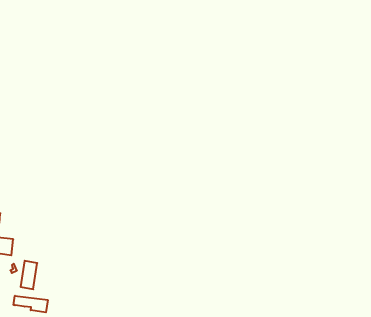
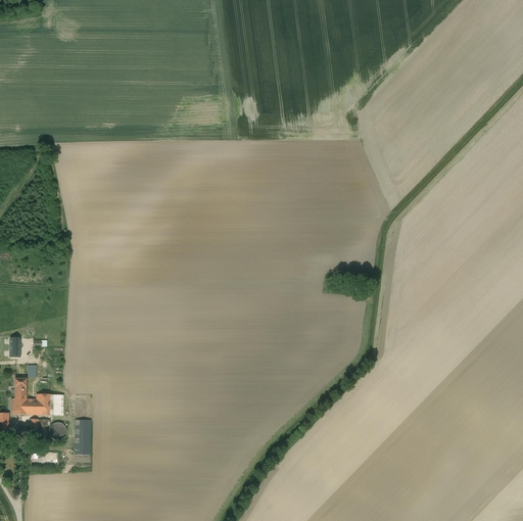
building: [14,296,48,312] -> none

